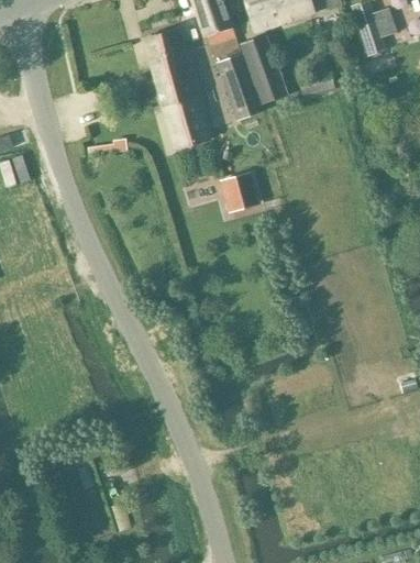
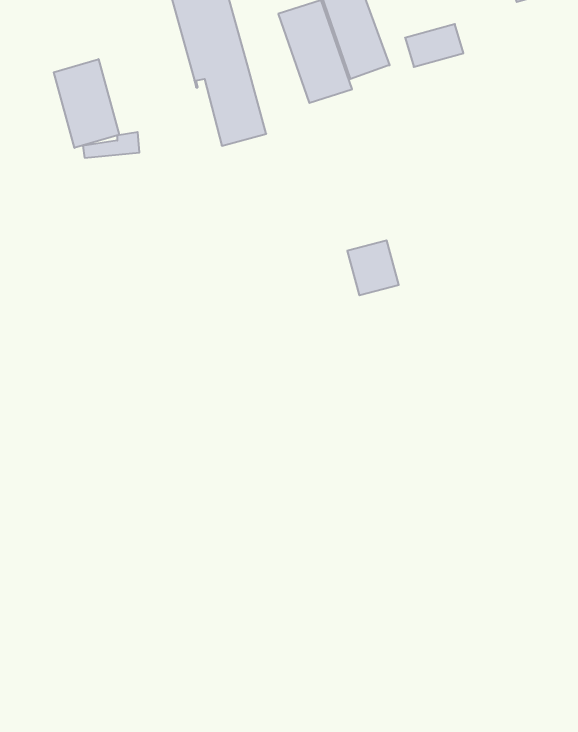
building: none -> [54,59,119,148]
building: [220,173,253,208] -> [347,240,399,295]

